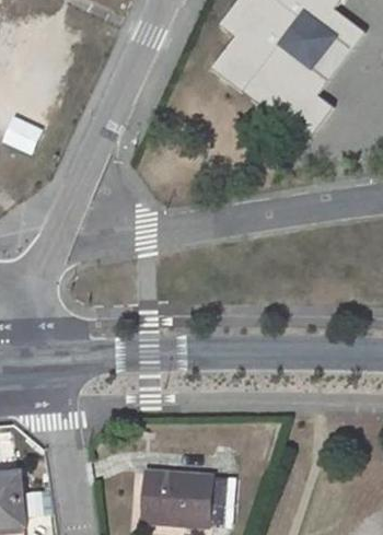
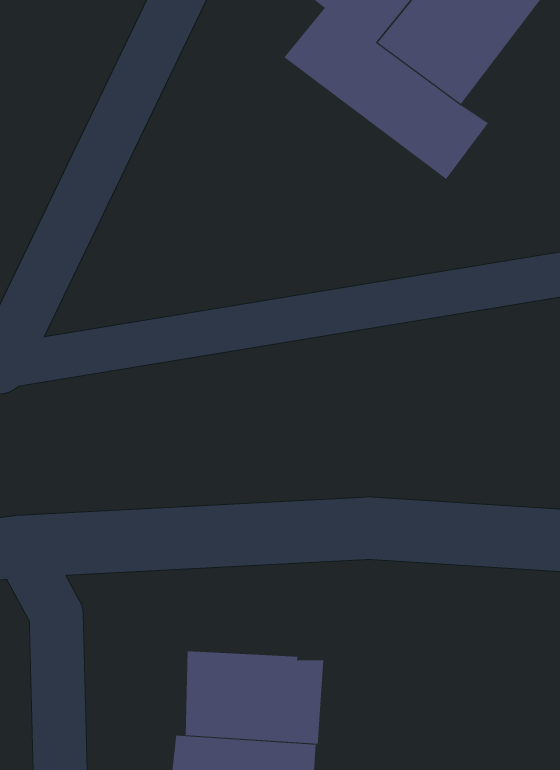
building: none -> [185,650,324,744]

